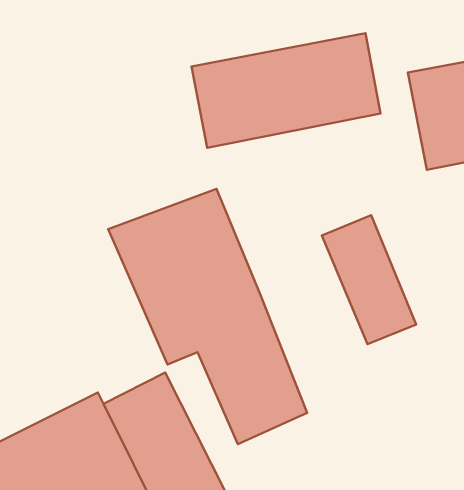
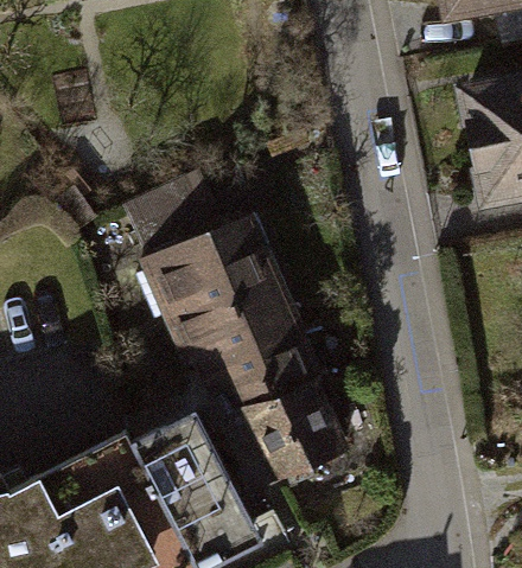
building: [191,33,380,148] -> none
building: [322,215,416,344] -> none

